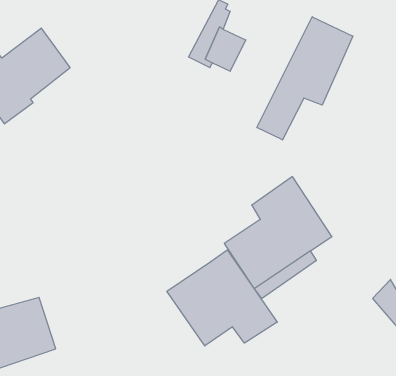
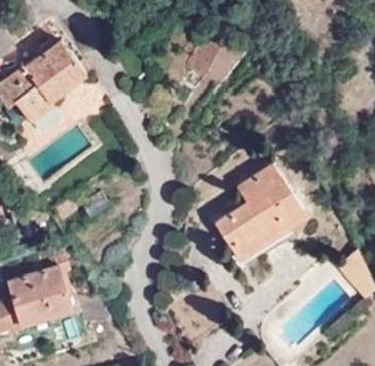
building: [257,17,353,140] -> none
building: [167,250,277,346] -> none

